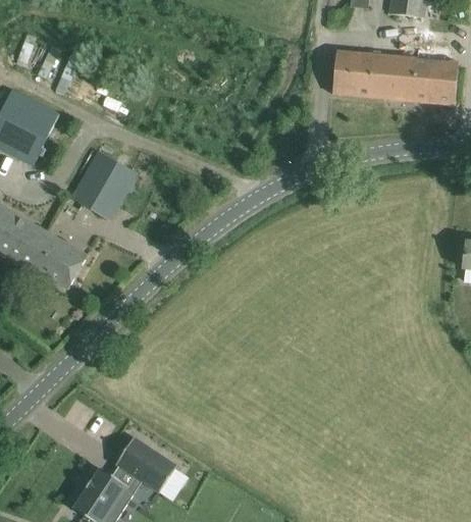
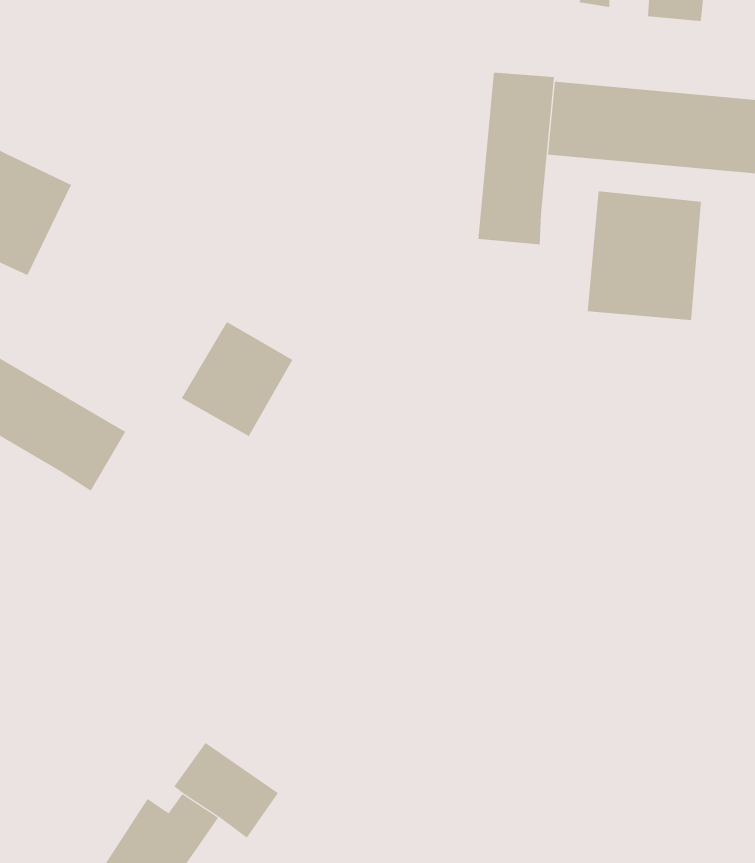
building: none -> [478,72,554,245]
building: none -> [587,191,702,321]
building: [70,152,136,219] -> [181,321,293,437]

